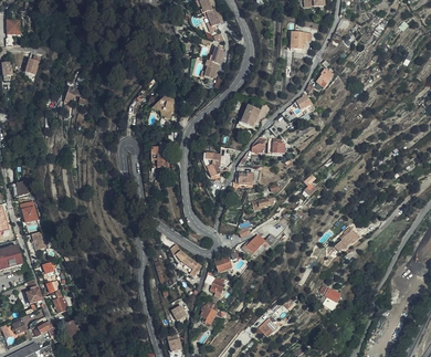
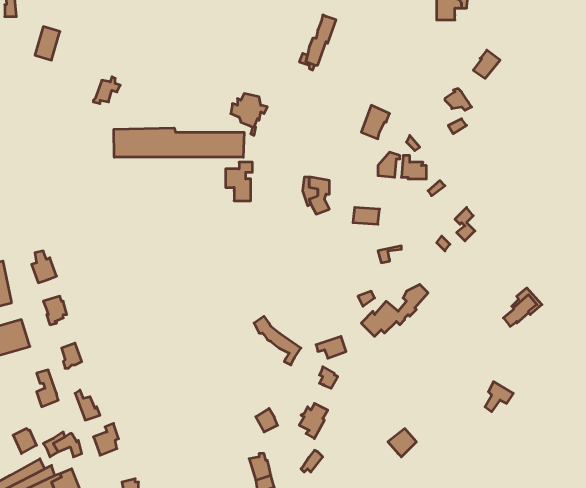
building: none -> [114,128,244,157]

